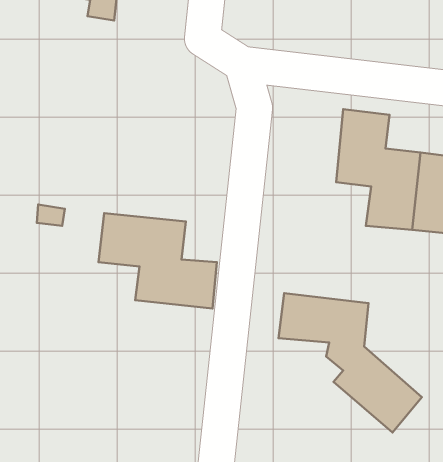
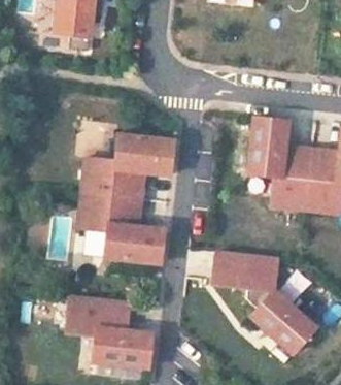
building: none -> [81,134,174,199]
building: none -> [70,297,154,365]

